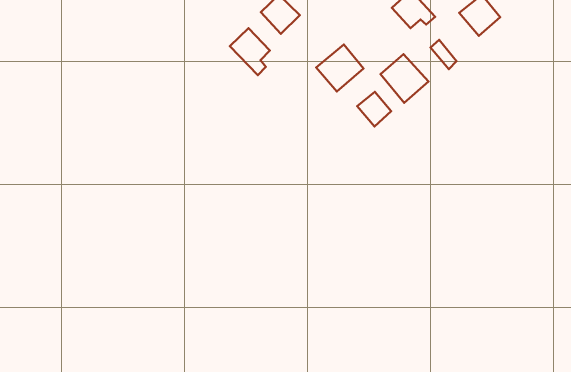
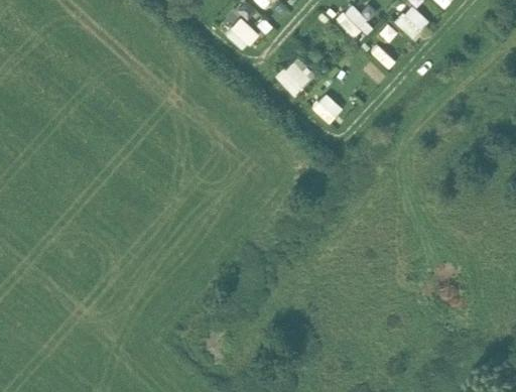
building: [230,28,270,75] -> none
building: [380,54,429,103] -> none

